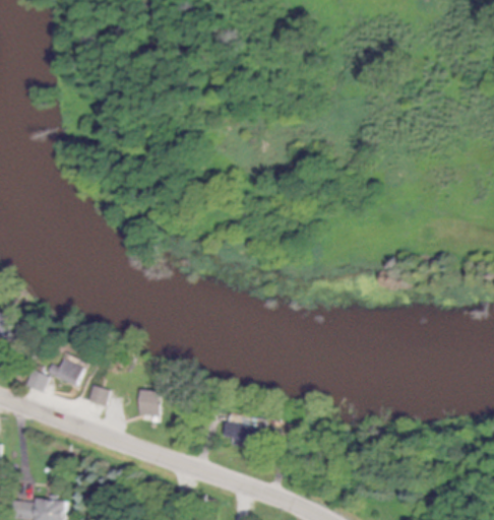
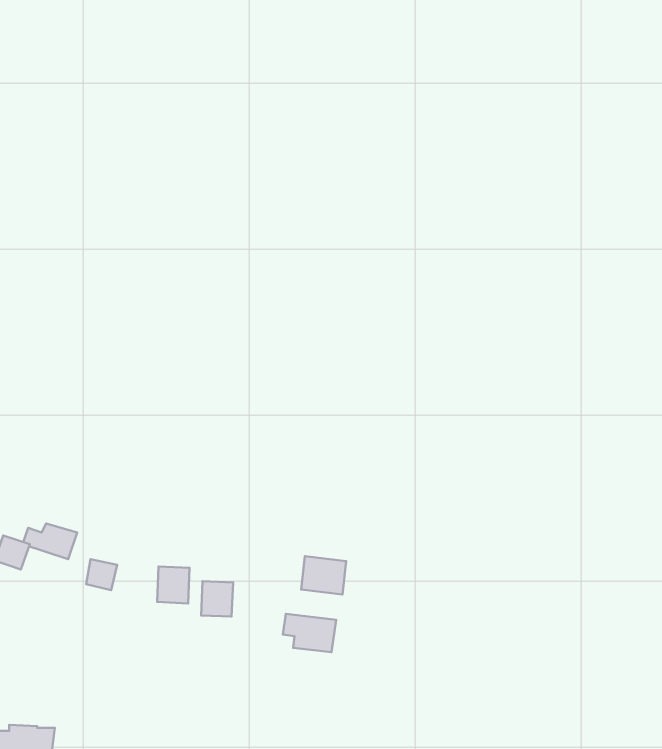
building: none -> [301,556,346,594]
building: none -> [201,581,233,617]

